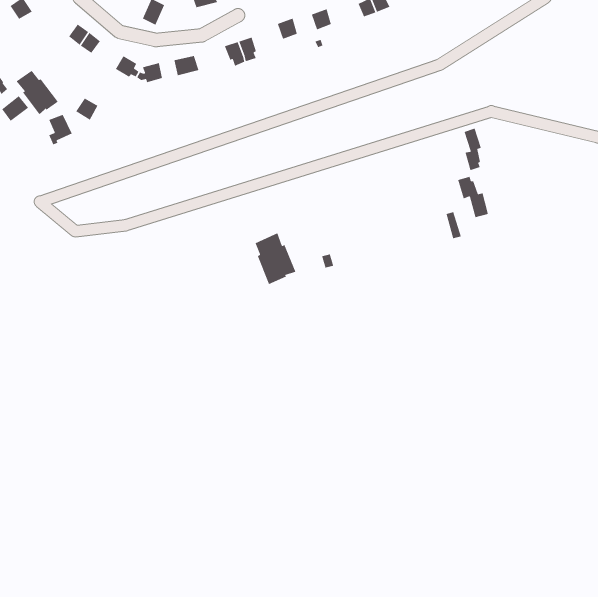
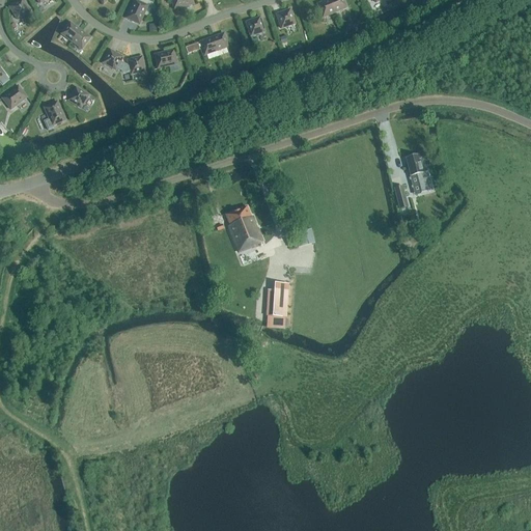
building: [16,70,59,115] -> none
building: [464,127,482,171] -> none
building: none -> [266,283,286,328]

